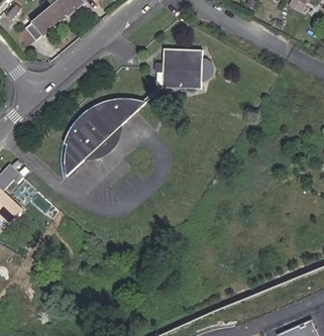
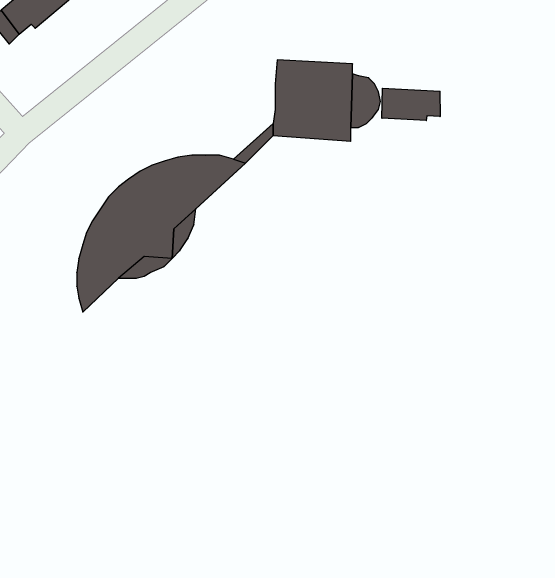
building: none -> [382,88,440,121]

